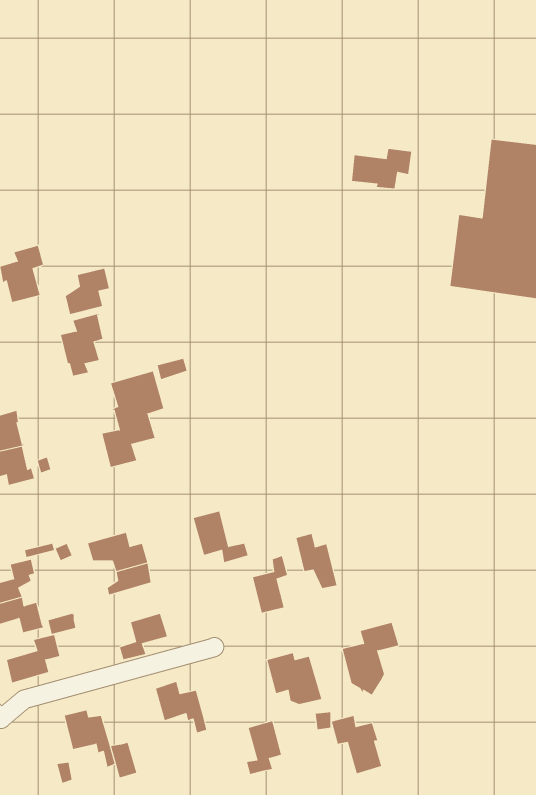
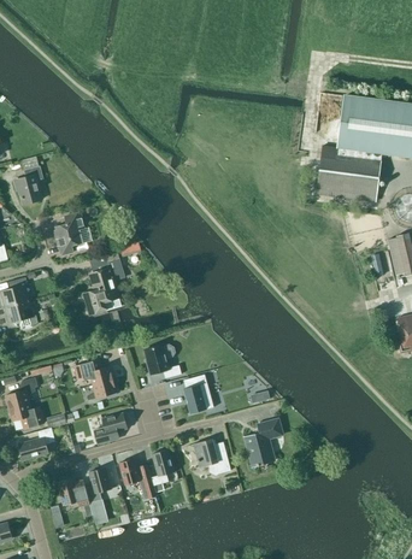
building: [352,148,412,189] -> none
building: [65,268,110,315] -> none
building: [296,533,337,589] -> none
building: none -> [84,467,110,501]
building: [331,715,382,774] -> none
building: [246,721,282,774] -> [149,448,173,484]

